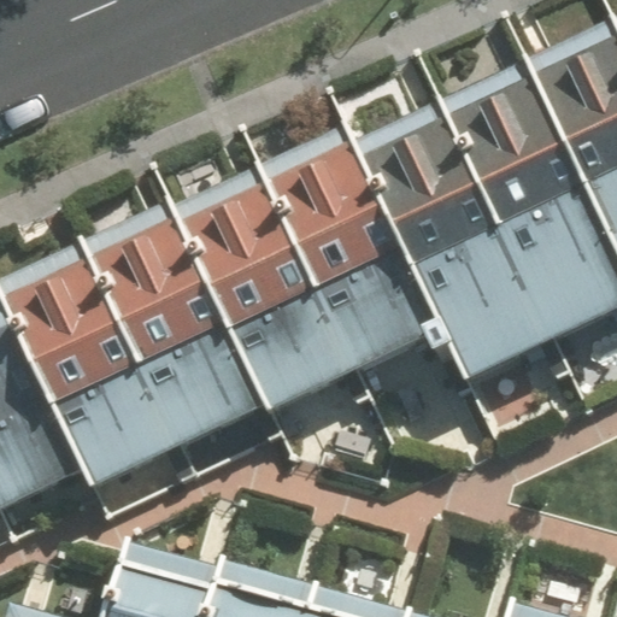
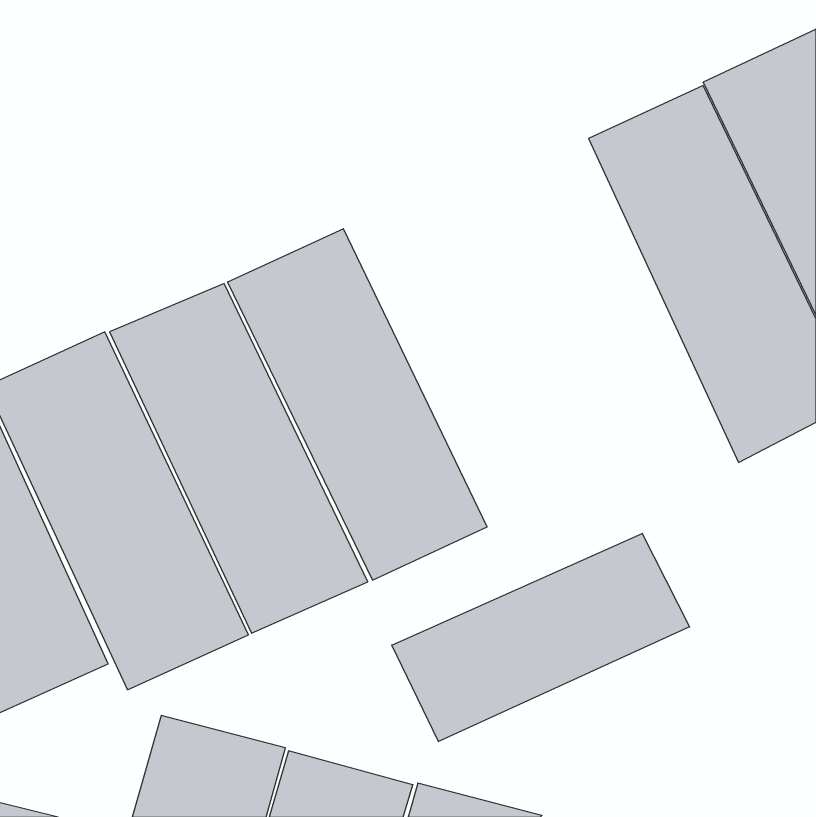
building: [359,105,551,383] -> none
building: [259,131,449,394] -> none
building: none -> [392,533,690,742]

